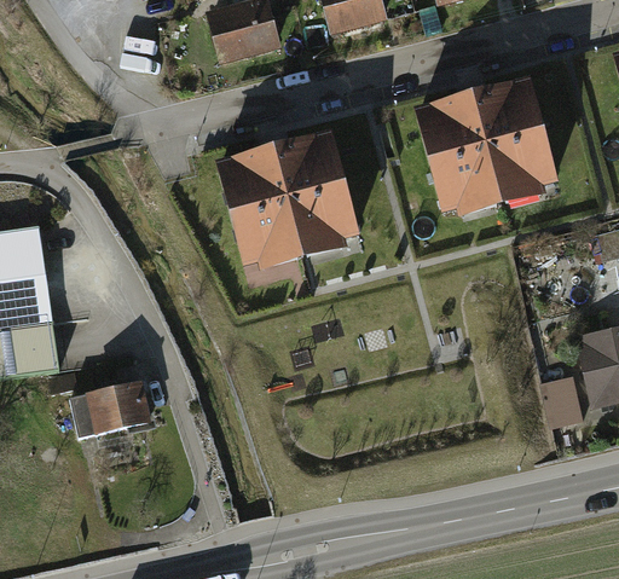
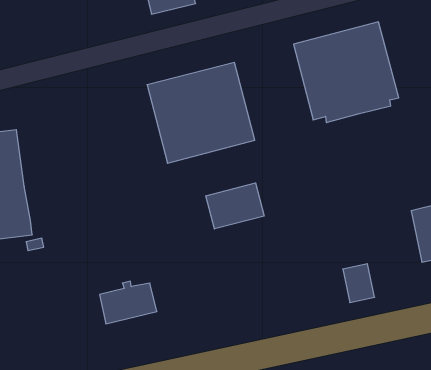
building: none -> [206,183,264,229]
building: [540,375,584,428] -> [343,264,375,303]
building: [69,377,147,435] -> [100,281,157,324]

